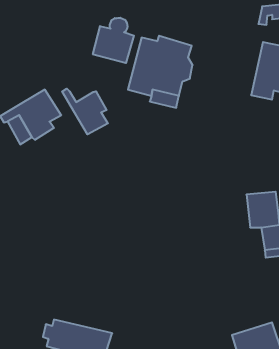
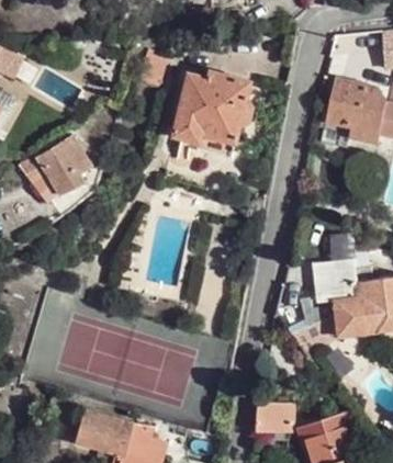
building: [93,18,134,63] -> none
building: [62,89,108,134] -> none
building: none -> [256,403,293,431]

